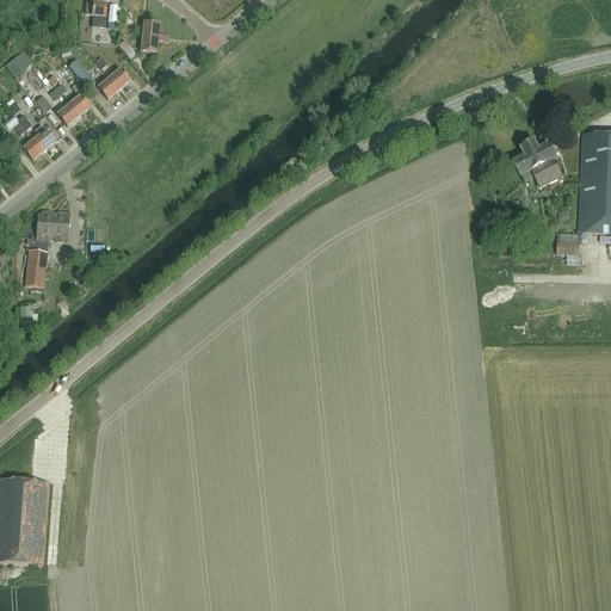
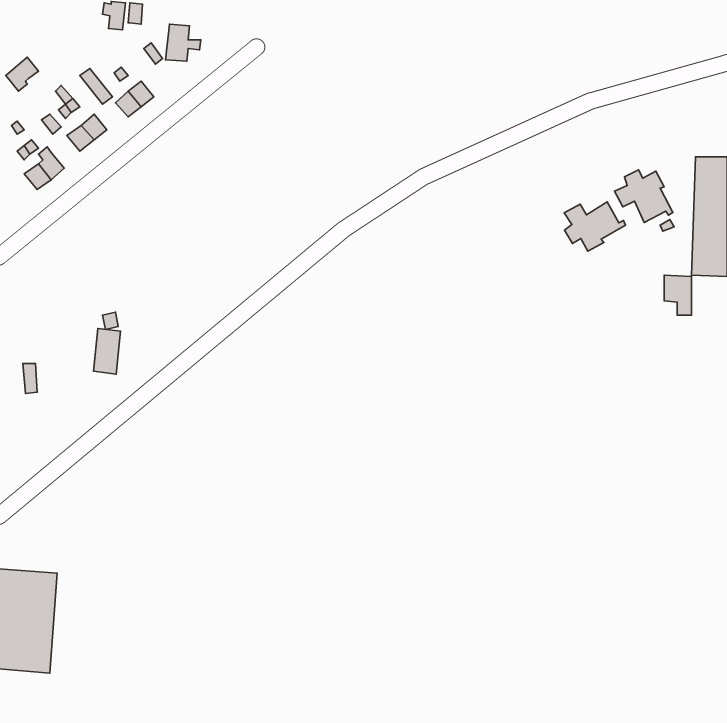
building: none -> [564,202,626,251]
building: [36,209,68,239] -> none
building: [24,248,47,286] -> [93,328,120,374]

